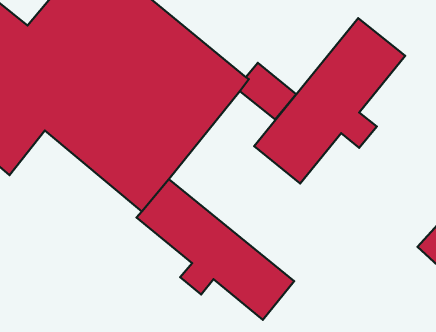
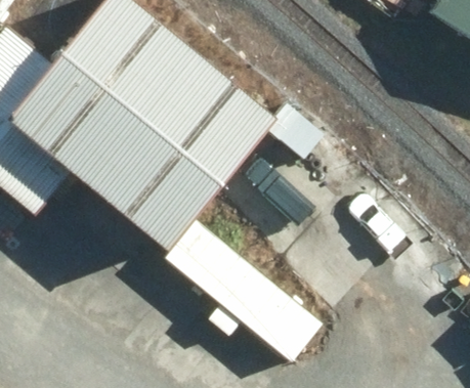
building: [254,18,405,184] -> none

